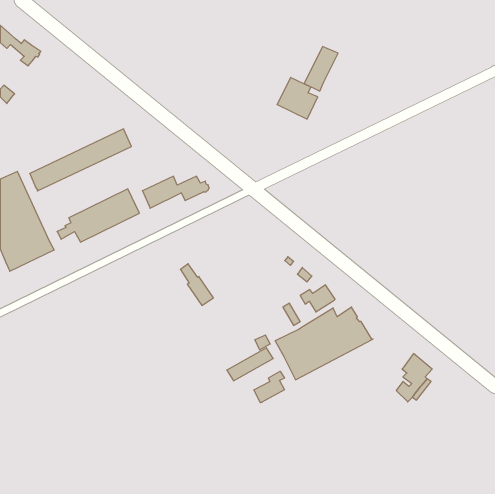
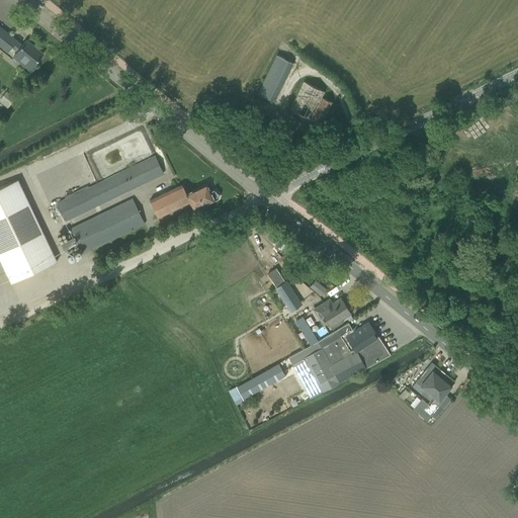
building: [304,47,338,91] -> [257,56,292,102]
building: [30,129,131,191] -> [57,157,163,222]
building: [180,264,213,305] -> [267,268,301,312]
building: [254,371,285,403] -> none

